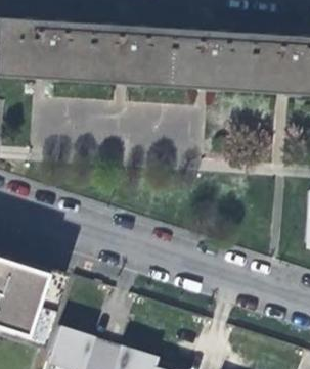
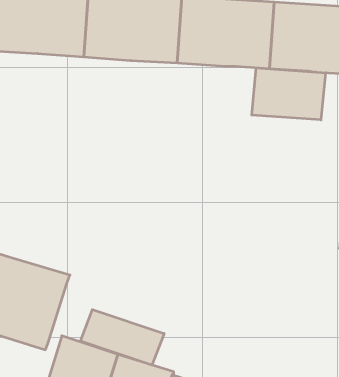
building: none -> [252,68,326,120]
building: none -> [80,310,164,365]

